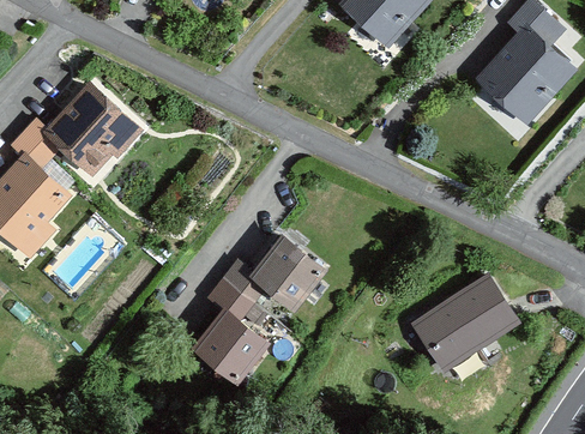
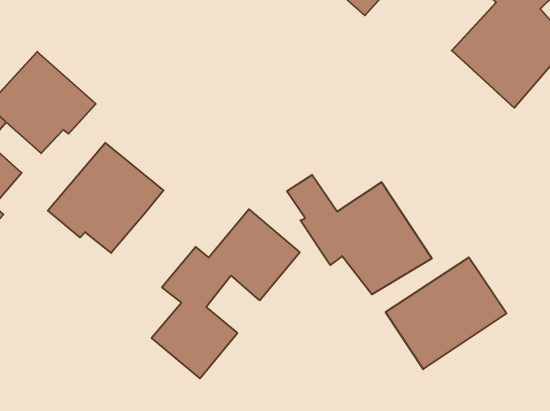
building: none -> [48,143,164,253]
building: none -> [287,175,432,294]

